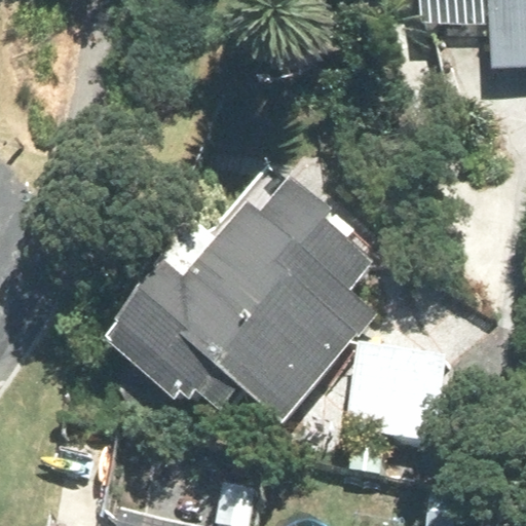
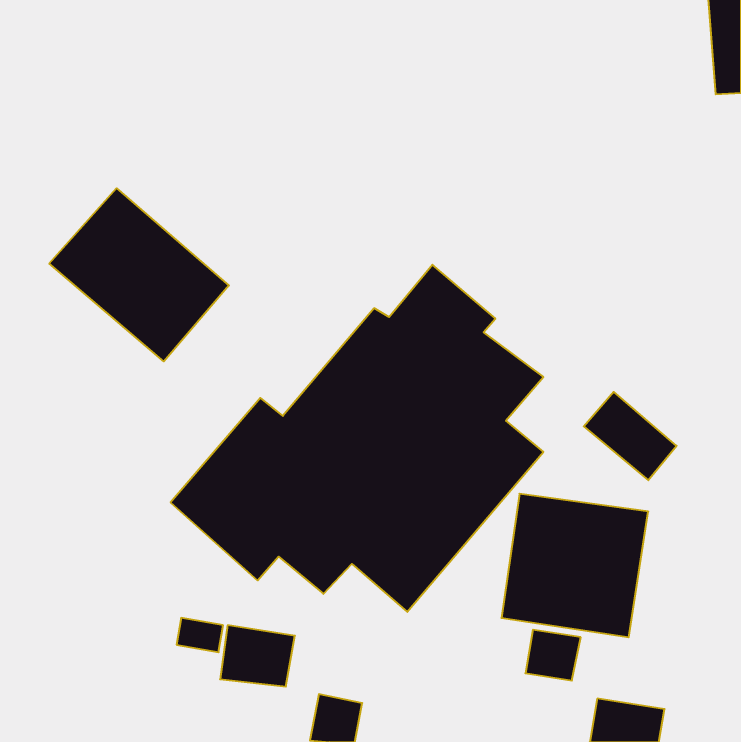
building: none -> [49,188,229,361]

